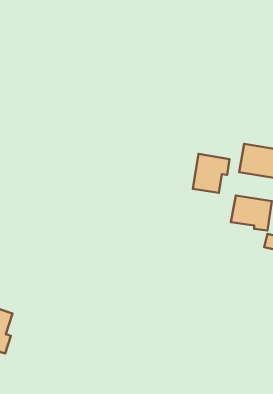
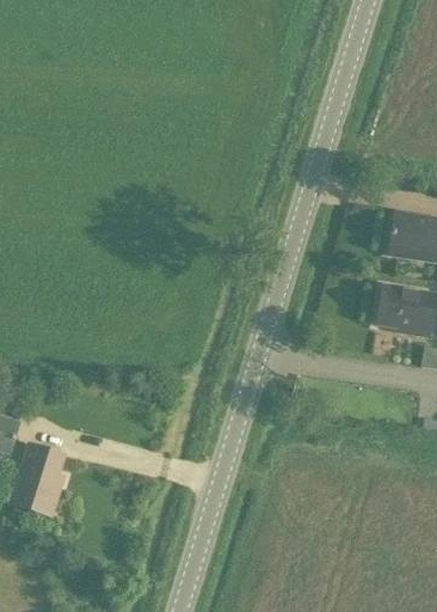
building: [193,154,229,193] -> none

